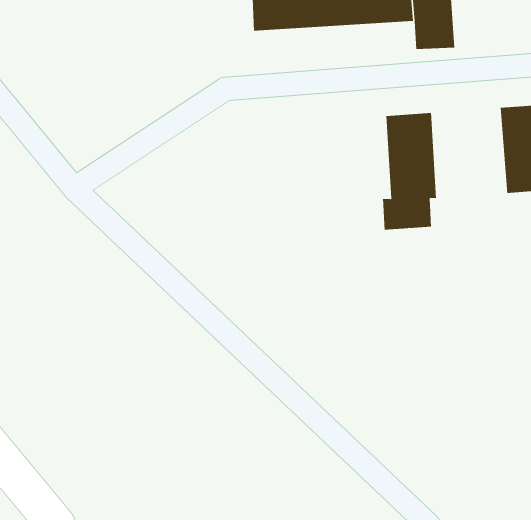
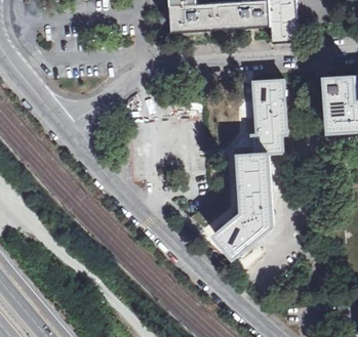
building: none -> [213,153,271,257]

